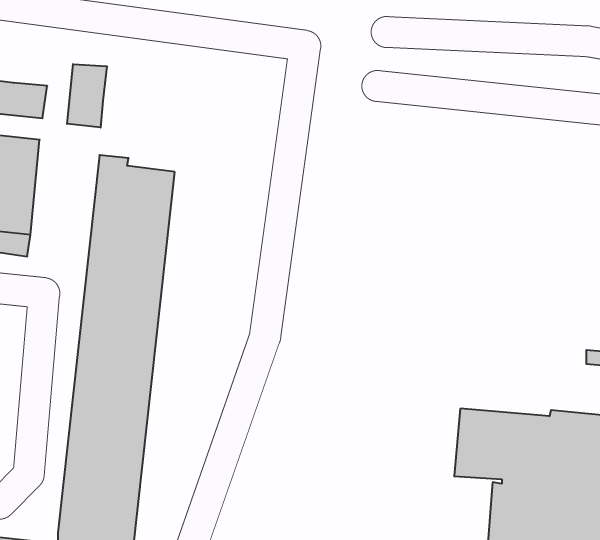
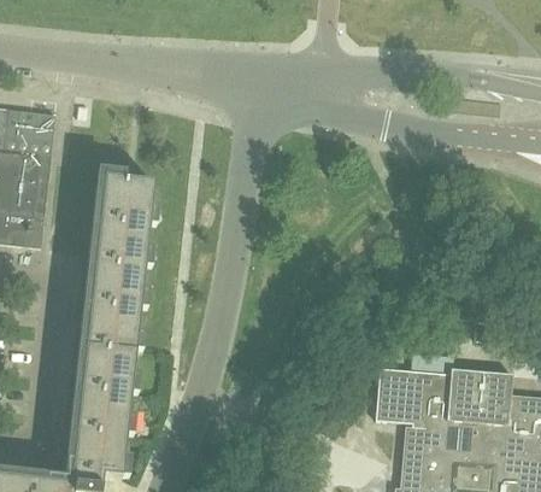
building: [67,64,107,128] -> none

